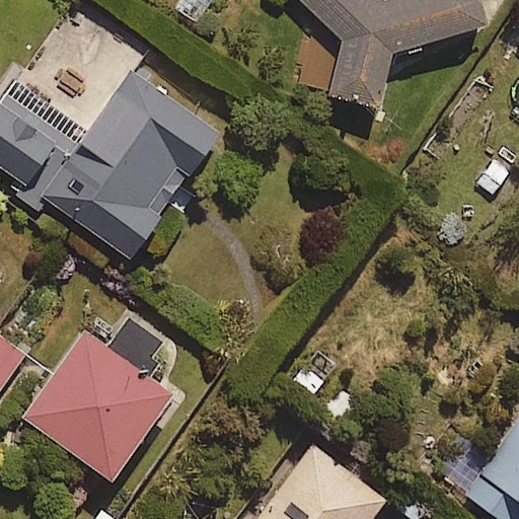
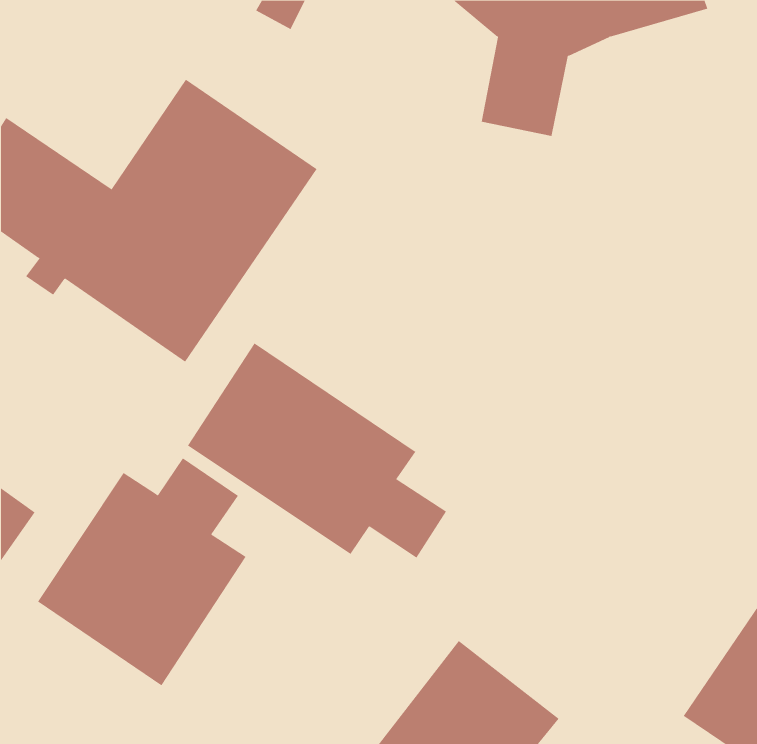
building: none -> [187,343,447,558]

